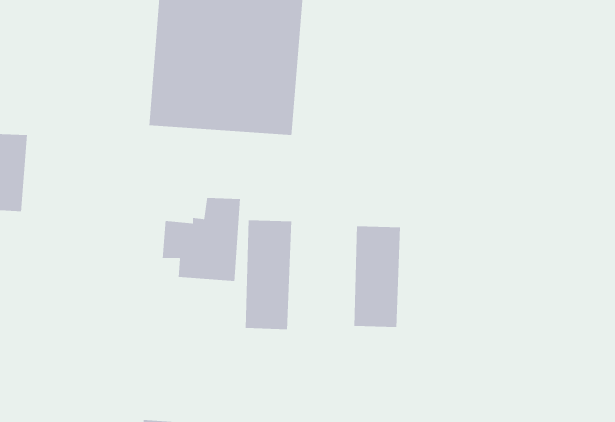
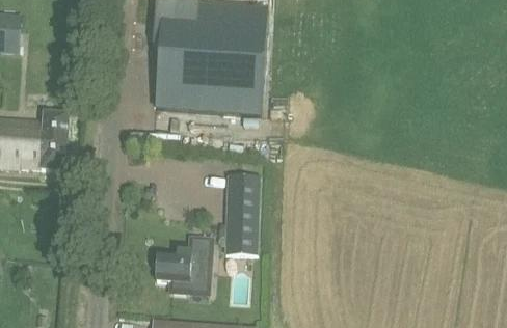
building: [162,197,241,282] -> [155,235,212,296]
building: [354,225,401,328] -> none

